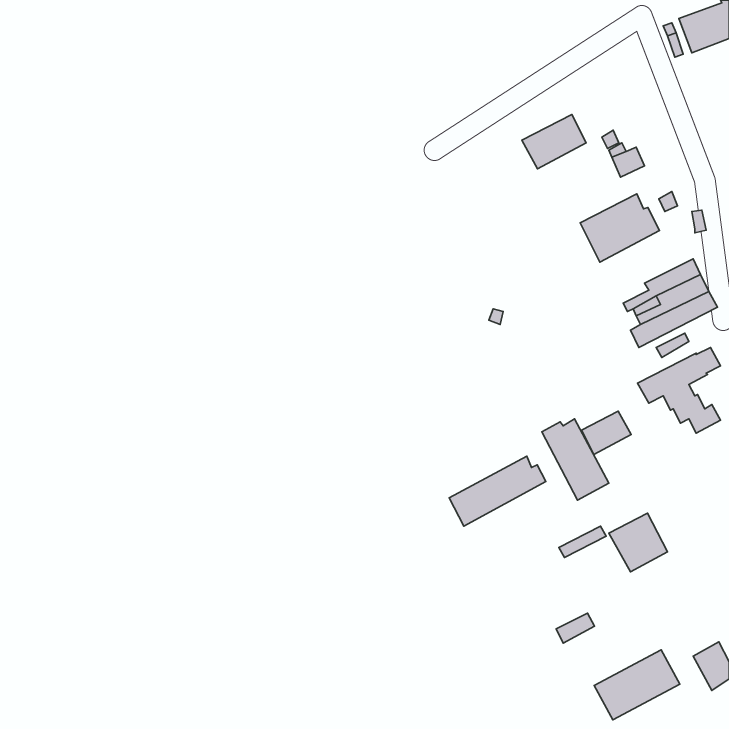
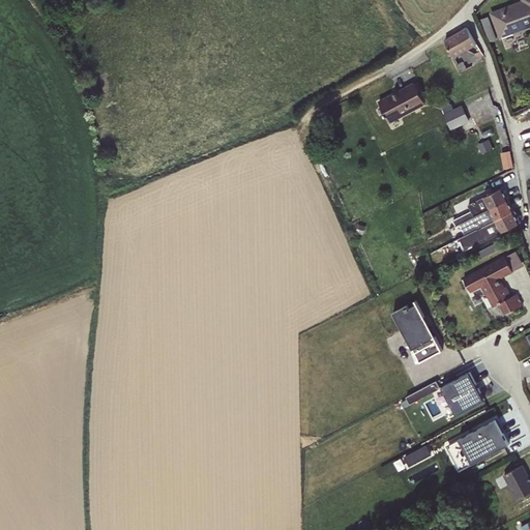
building: none -> [444,28,482,64]
building: [580,194,660,262] -> none
building: [581,411,631,455] -> none
building: [449,456,546,526] -> none
building: [594,650,680,720] -> [446,420,508,471]

